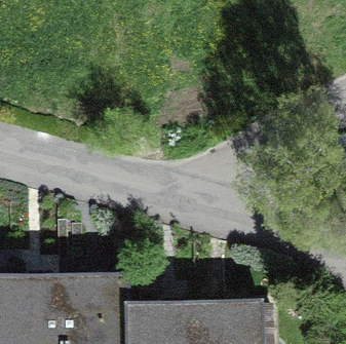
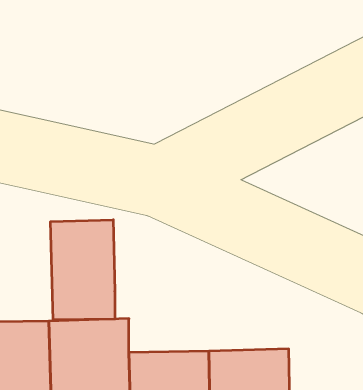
building: none -> [51,220,115,320]

